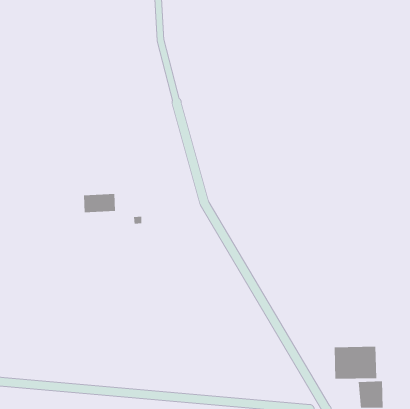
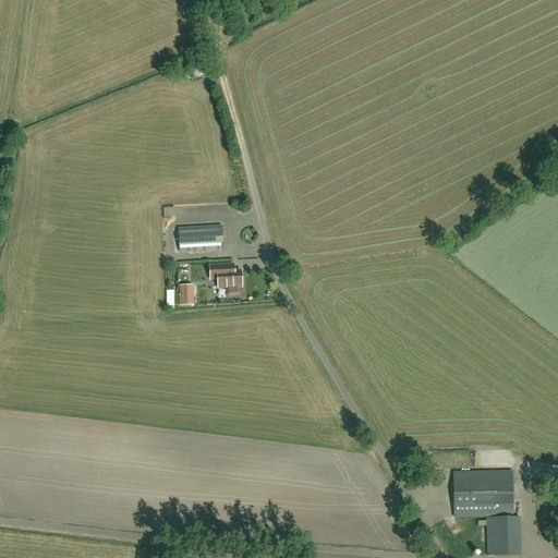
building: [83,193,116,213] -> [179,225,223,251]
building: none -> [210,263,242,294]

